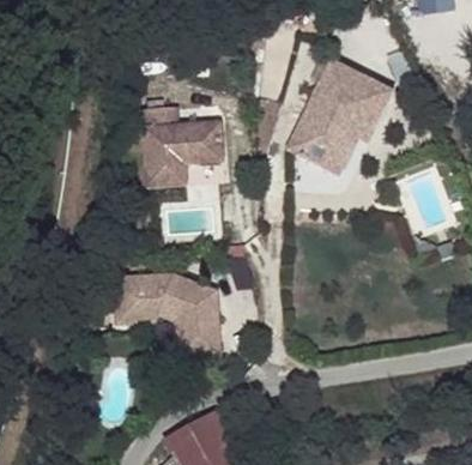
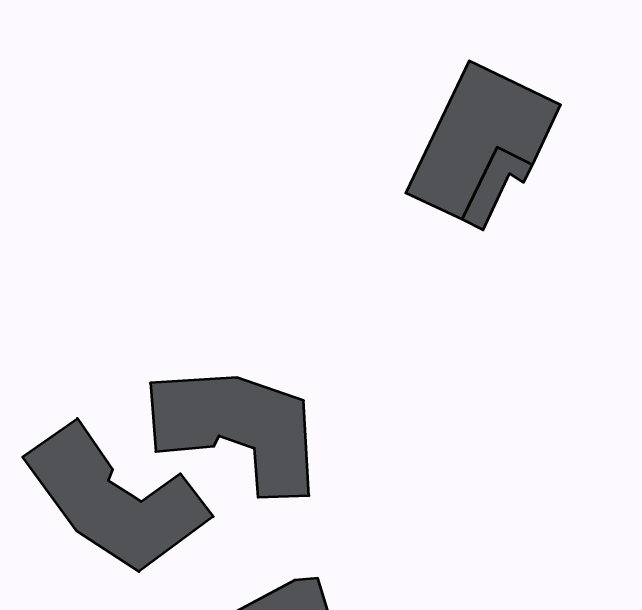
building: [141,105,223,186] -> none
building: none -> [23,418,213,572]

